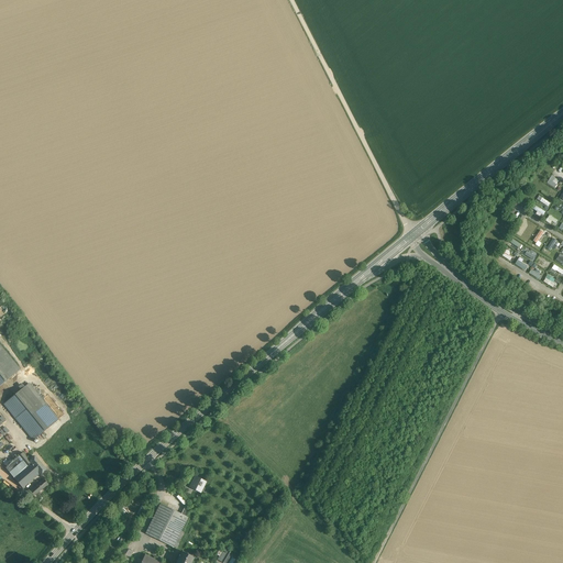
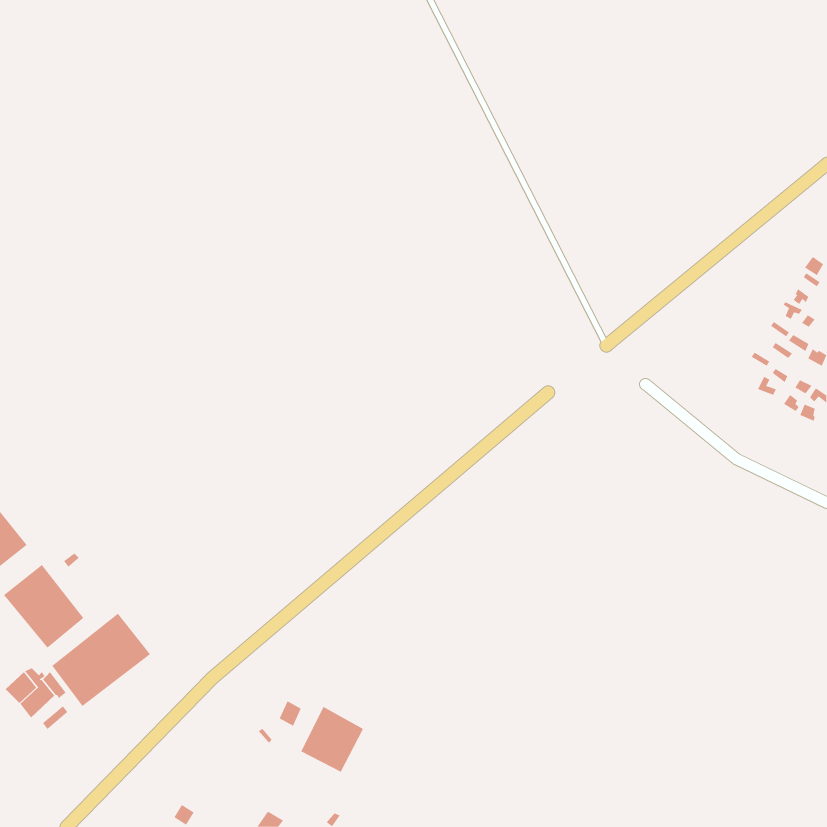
building: none -> [51,613,151,707]
building: [144,503,187,548] -> [300,706,364,773]

